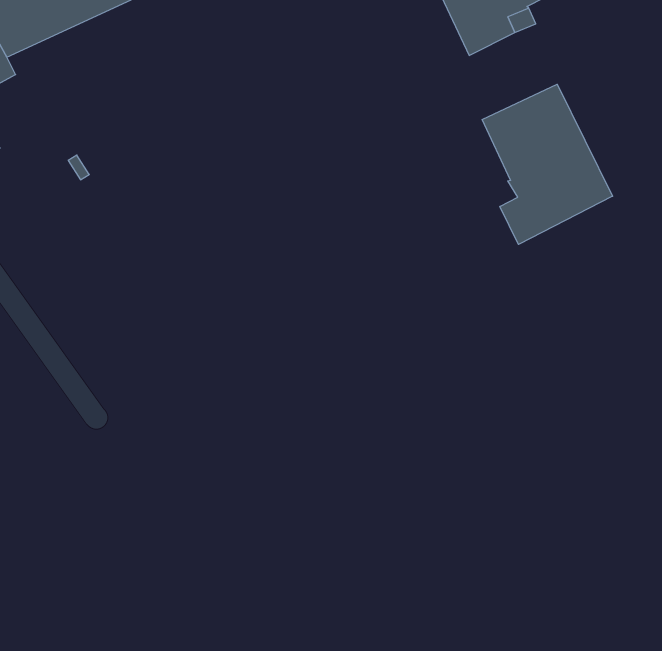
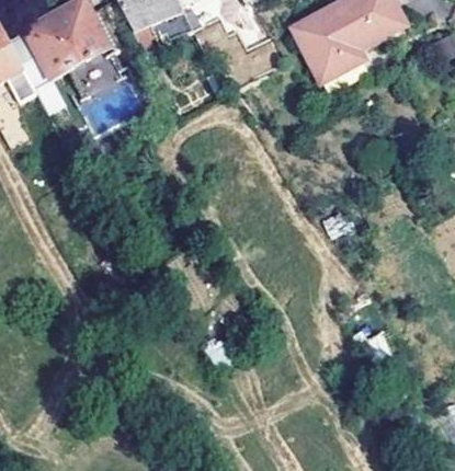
building: [482,84,613,244] -> none

